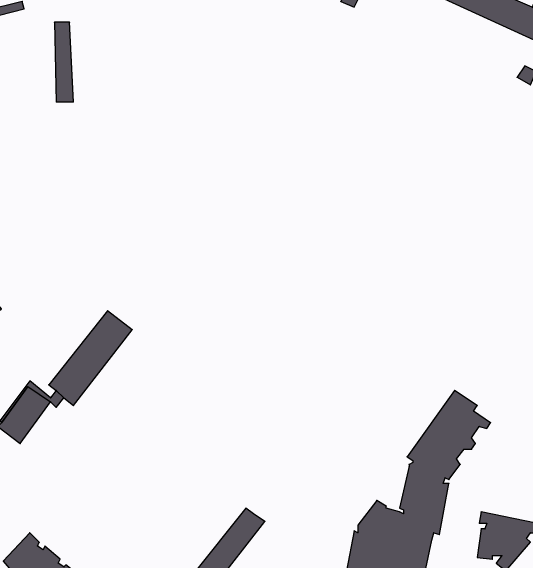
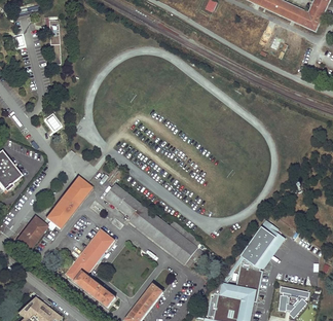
building: none -> [105,184,201,264]
building: none -> [66,228,116,308]

